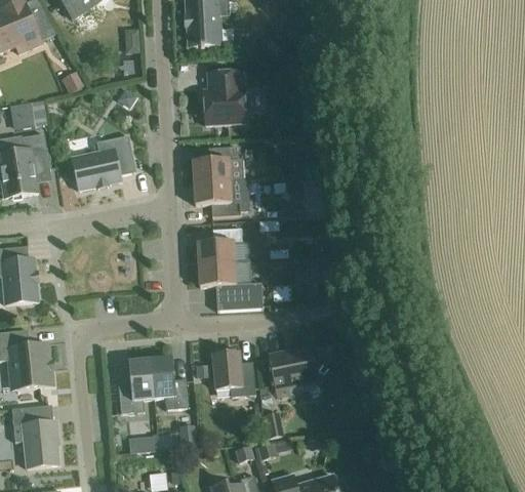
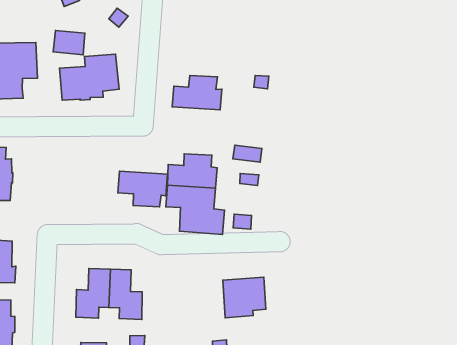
building: [203,71,246,125] -> none
building: [15,100,47,124] -> [53,31,85,55]
building: [194,179,245,216] -> [118,171,168,207]
building: [212,351,255,397] -> none

